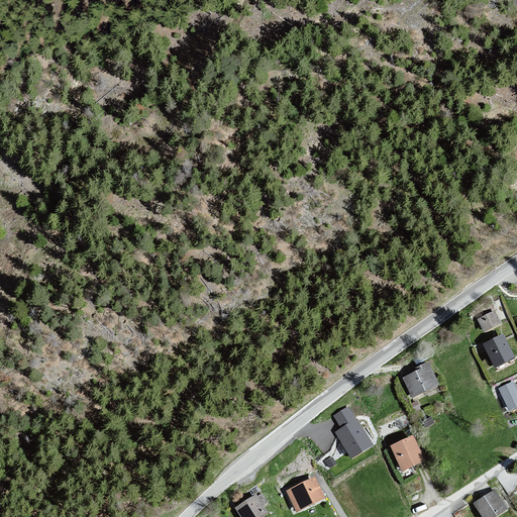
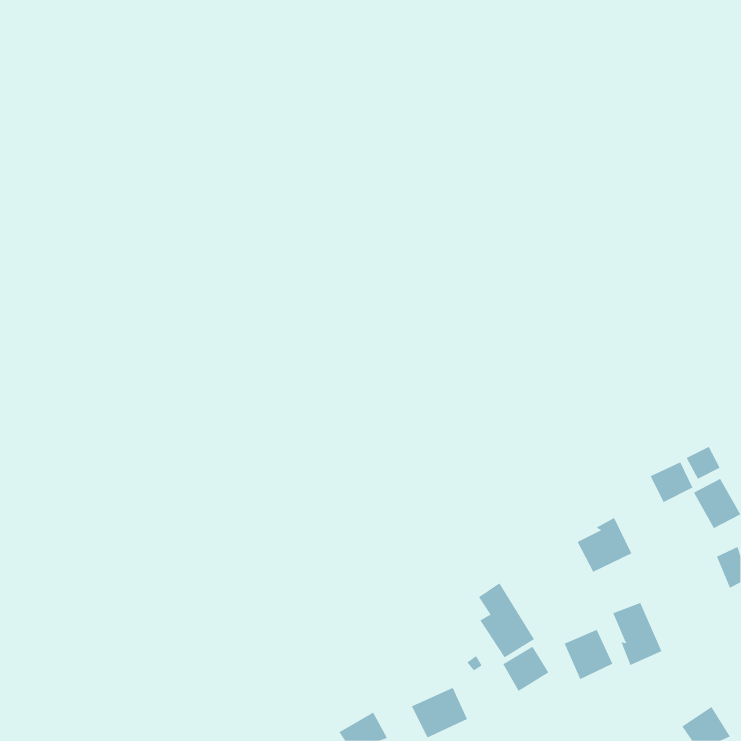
building: none -> [650,462,693,503]
building: none -> [613,602,662,666]
building: none -> [502,646,549,692]

